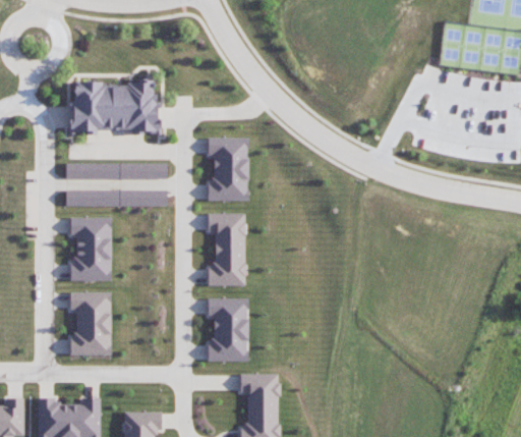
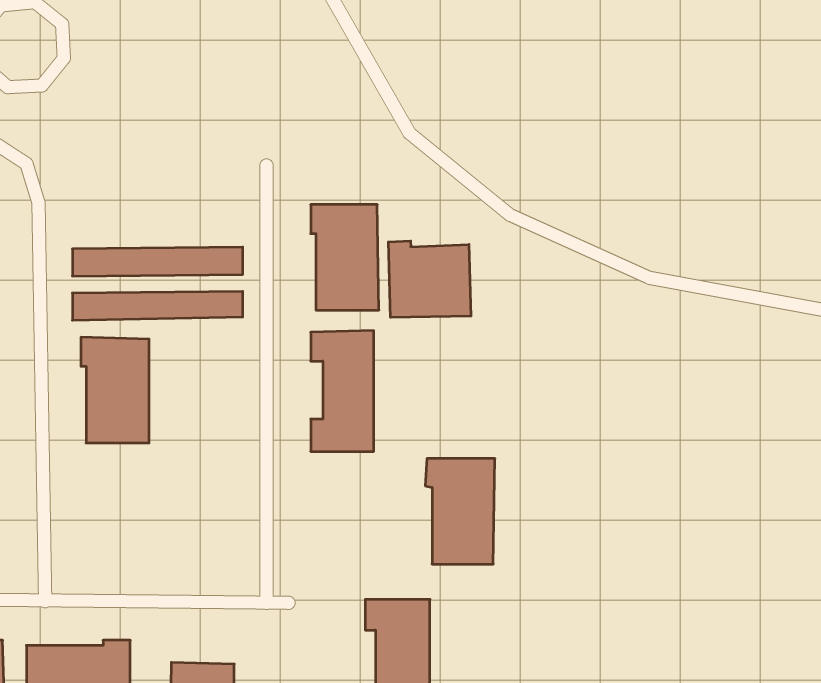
building: [69,78,161,135] -> none
building: none -> [388,241,471,317]
building: [69,292,111,356] -> none
building: [207,298,248,362] -> [425,459,495,564]

